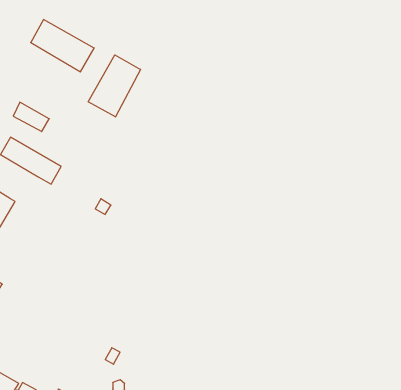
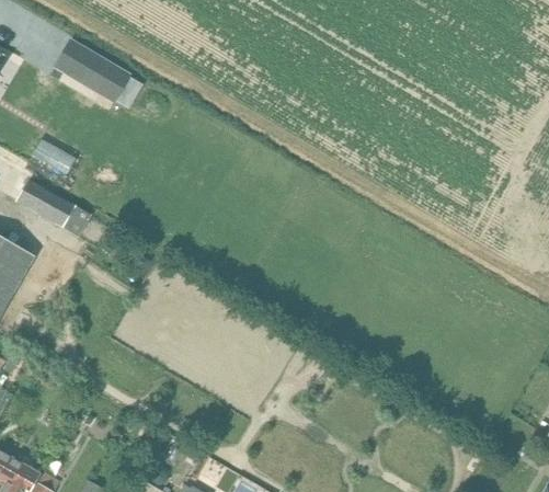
building: [88,55,141,117] -> none

